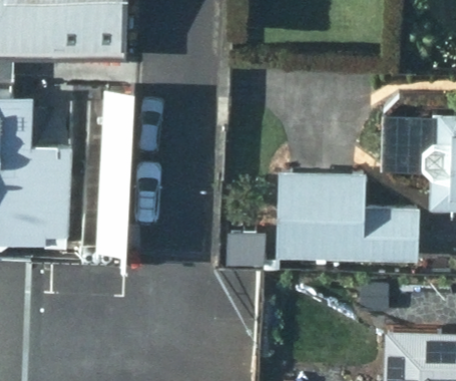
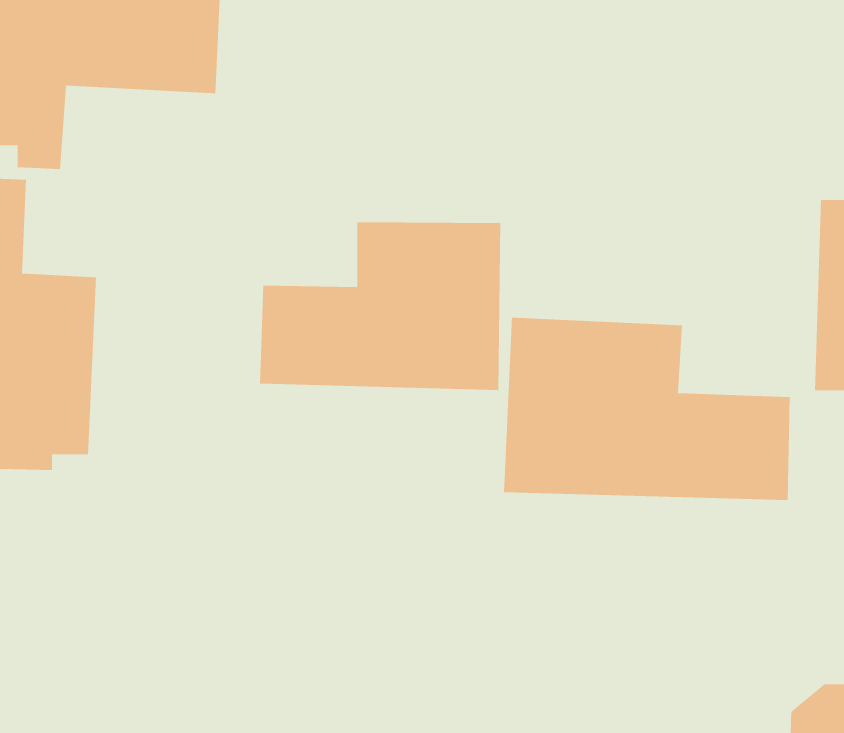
building: none -> [259,221,501,391]

